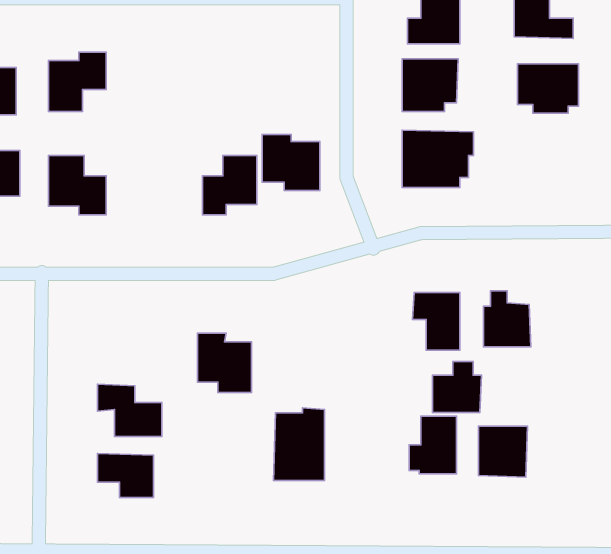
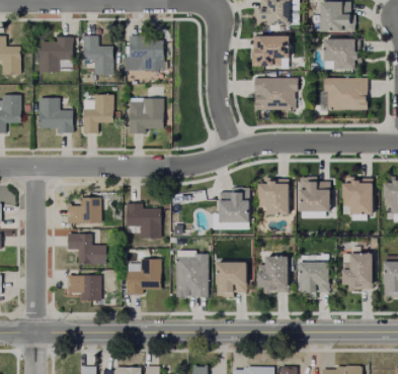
building: none -> [83,35,114,75]
building: none -> [320,81,364,114]
building: [262,135,320,191] -> [130,36,164,70]
building: none -> [84,94,114,134]
building: none -> [341,178,371,210]
building: none -> [69,199,101,225]
building: [432,362,482,412] -> [218,191,247,221]
building: none -> [339,253,369,284]
building: none -> [214,258,243,287]
building: none -> [130,261,162,296]

